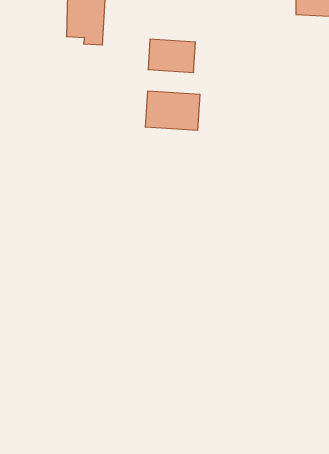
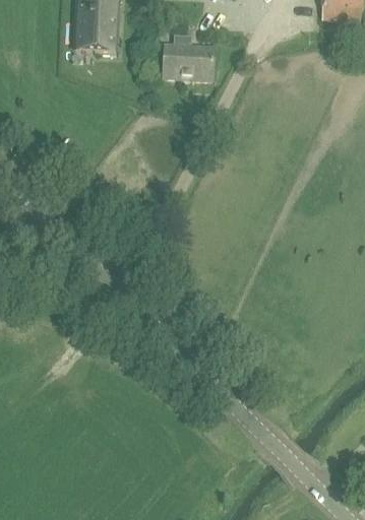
building: [146,91,200,130] -> none

